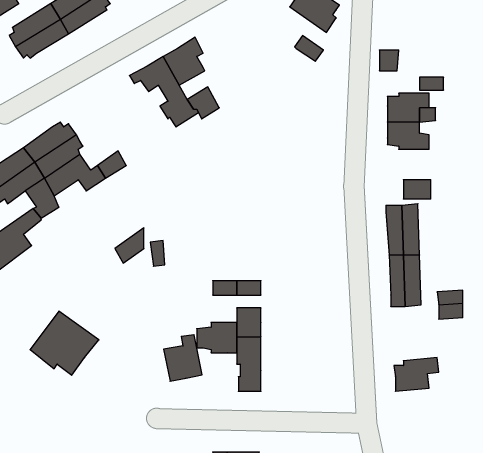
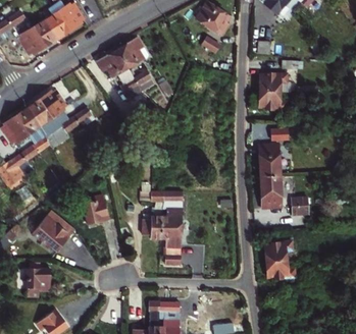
building: [164,335,202,381] -> [84,192,108,222]
building: none -> [265,262,295,280]
building: none -> [24,269,50,297]

